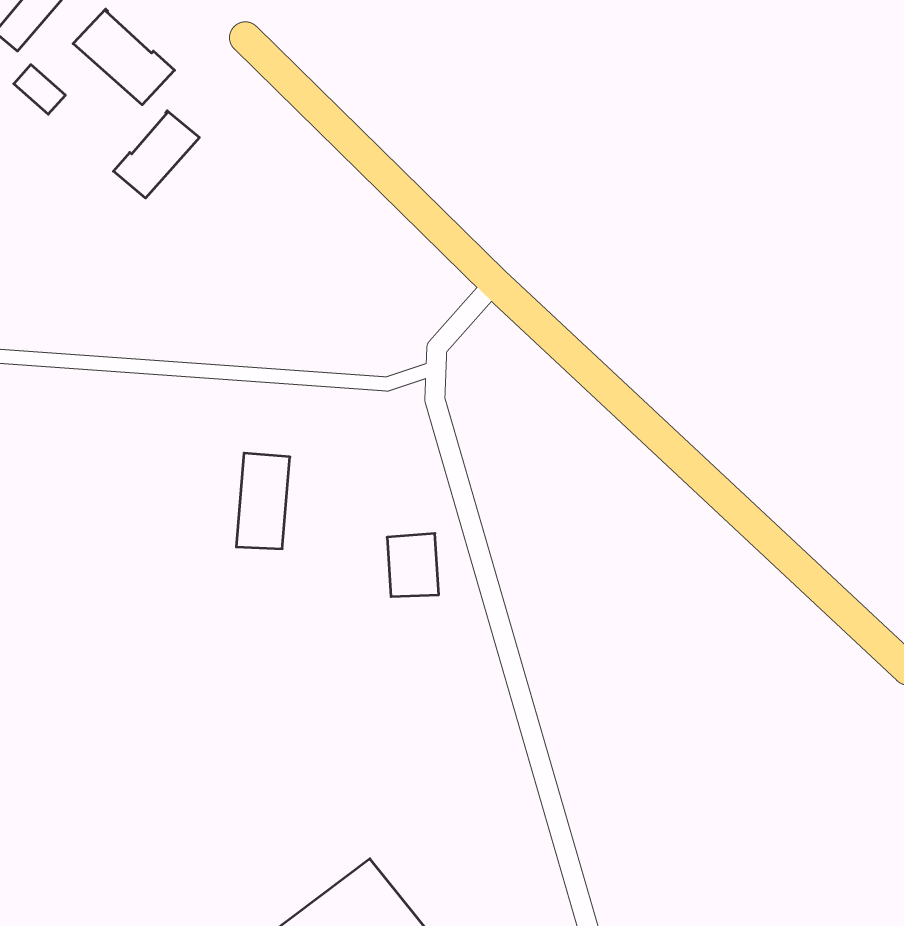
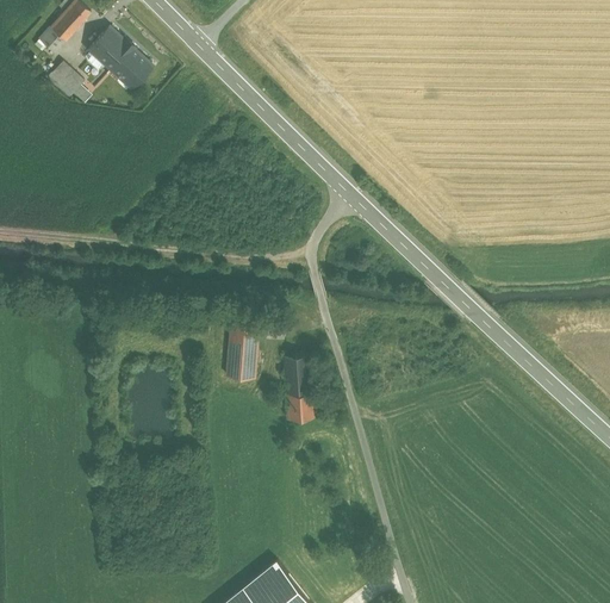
building: [113,111,199,198] -> none
building: [236,453,290,549] -> [225,321,259,380]
building: none -> [285,394,316,422]

